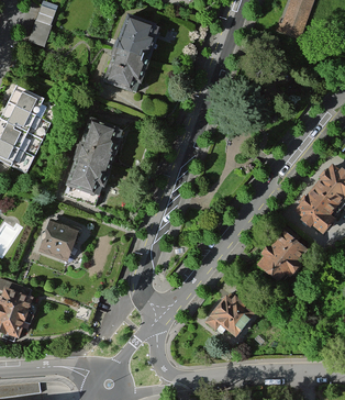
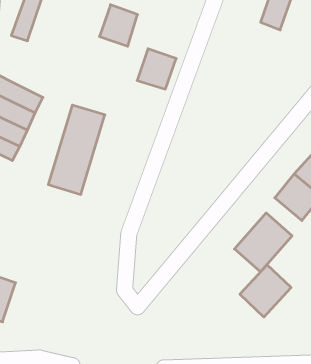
building: [105,47,145,88] -> [137,49,176,89]
building: [37,221,78,262] -> none
building: [203,291,255,344] -> [240,265,291,317]

